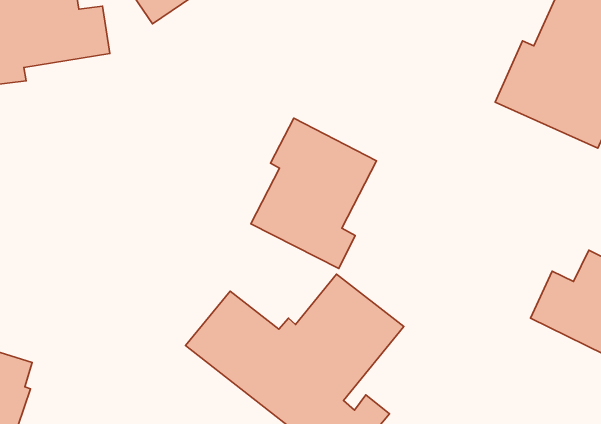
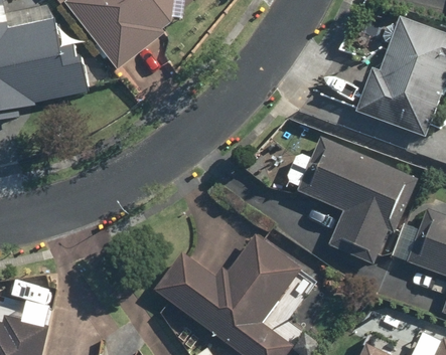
building: [251,118,377,268] -> none
building: none -> [299,138,415,263]

